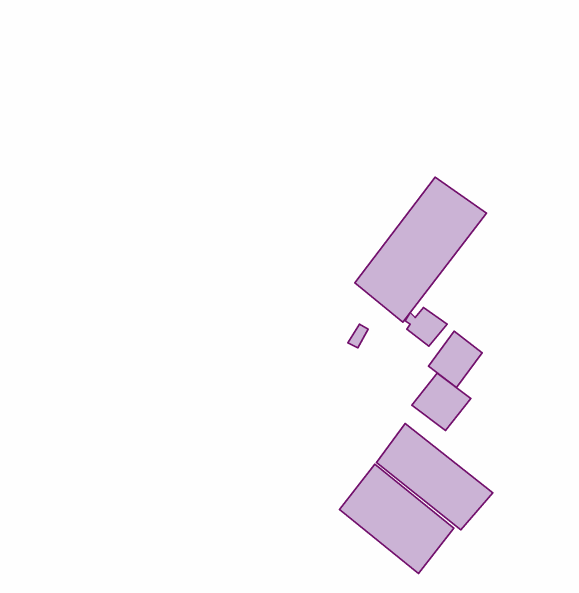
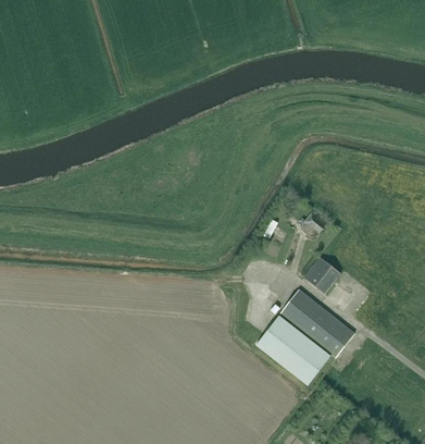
building: [355,177,487,322] -> none
building: [428,331,482,388] -> none

